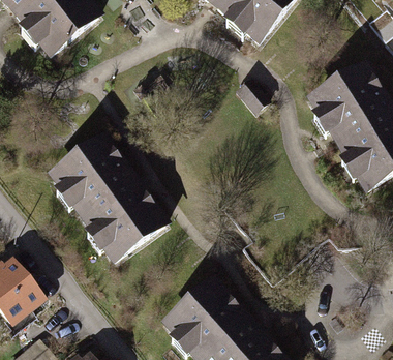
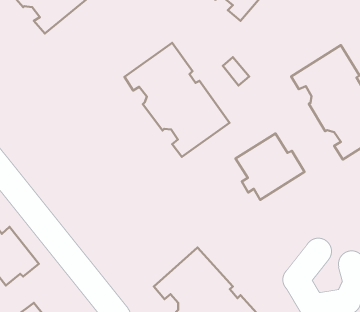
building: [51,138,162,259] -> [124,43,230,157]
building: none -> [236,133,305,200]

